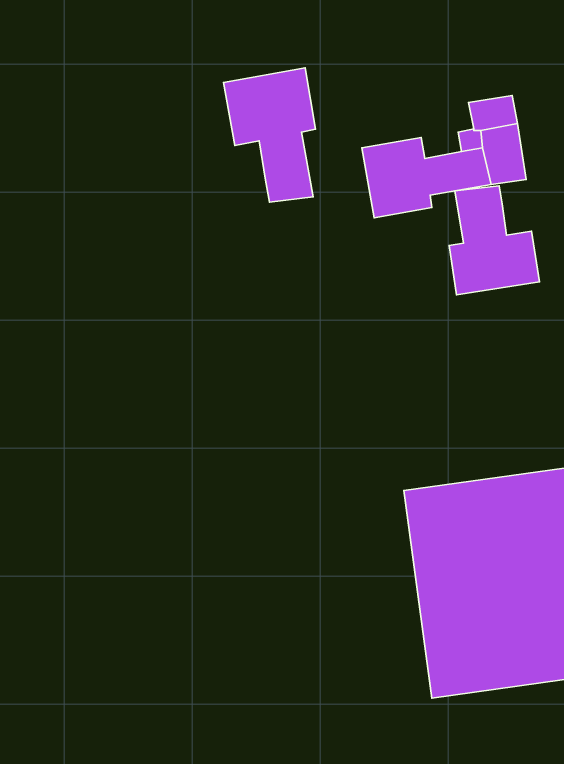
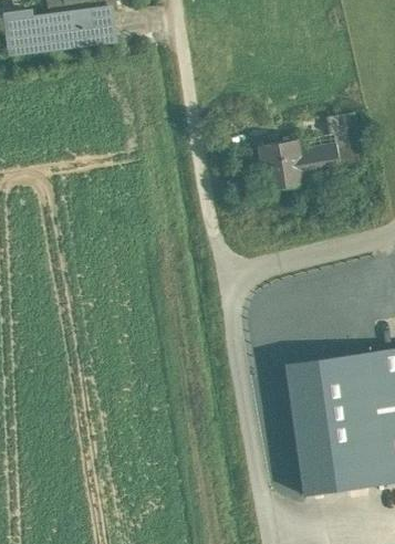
building: [224,68,316,202] -> none
building: [449,186,539,295] -> none

